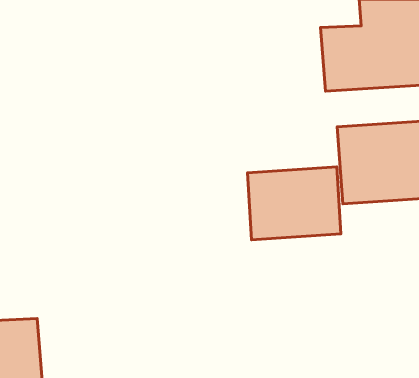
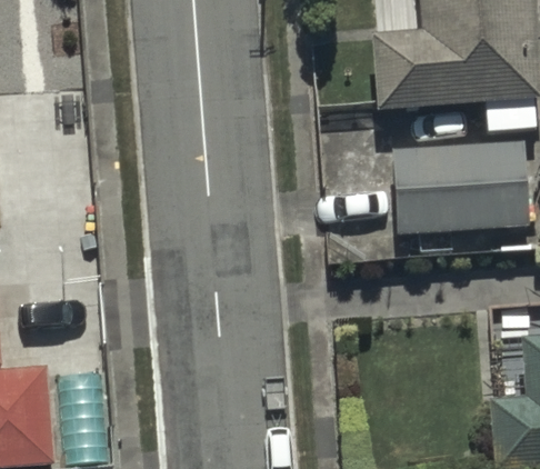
building: [248,167,341,240] -> none

